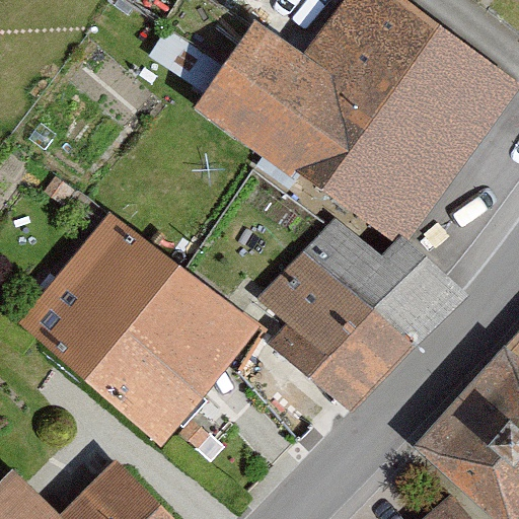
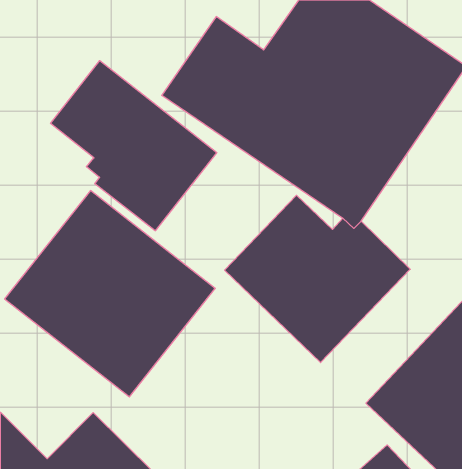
building: none -> [51,61,217,231]

